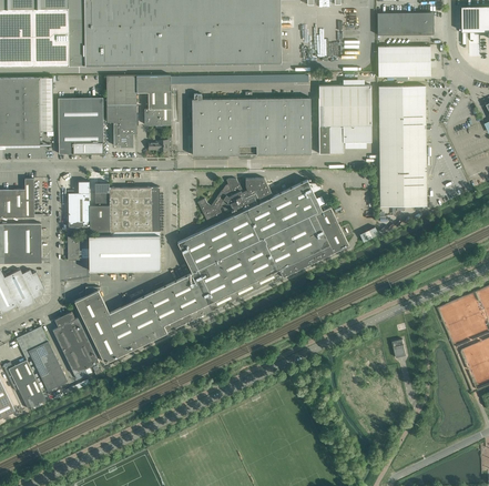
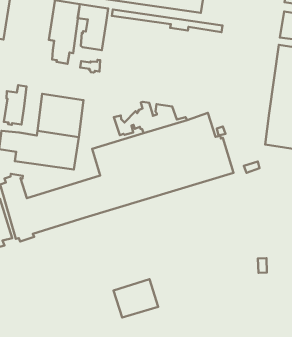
building: [319,84,371,153] -> none
building: [190,93,312,154] -> none
building: [58,97,103,153] -> none
building: [90,182,110,231] -> none
building: none -> [114,279,158,317]

